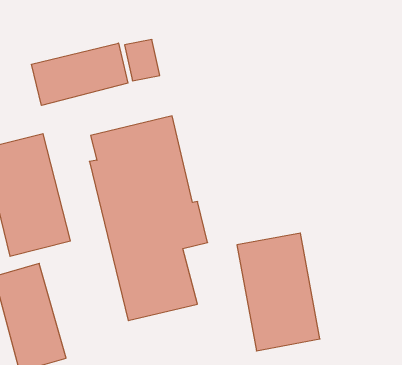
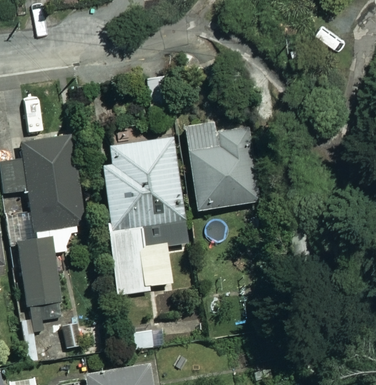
building: [32,43,128,105] -> none
building: [237,233,320,351] -> [192,127,246,214]

